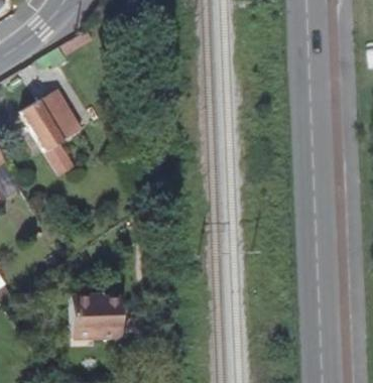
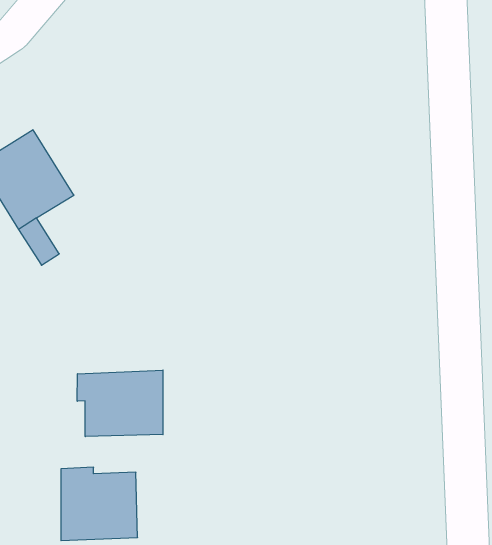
building: none -> [77,370,163,437]

